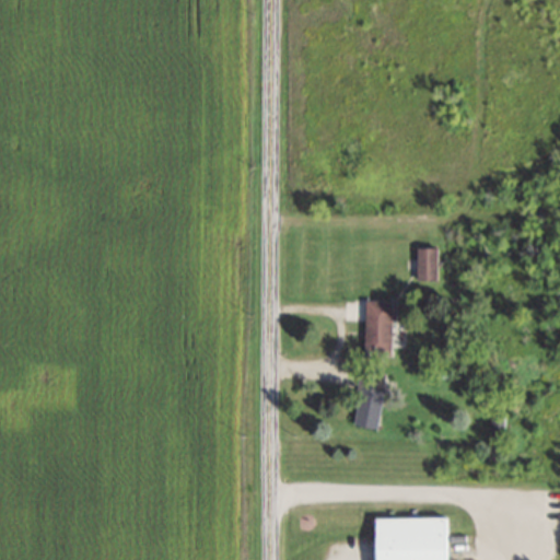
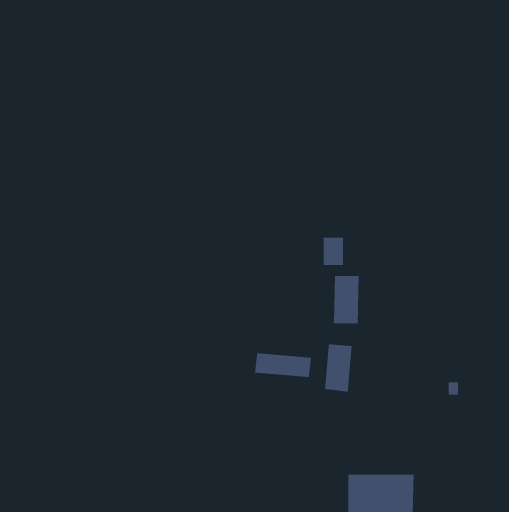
building: [415,248,438,280] -> [323,237,344,266]
building: none -> [254,353,312,378]

